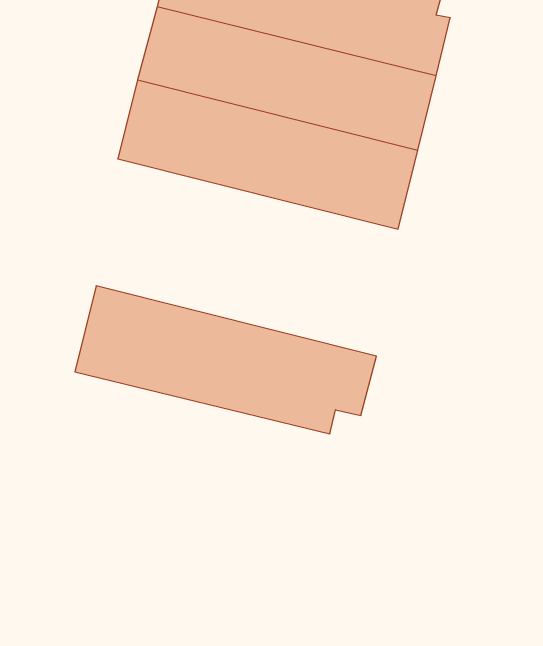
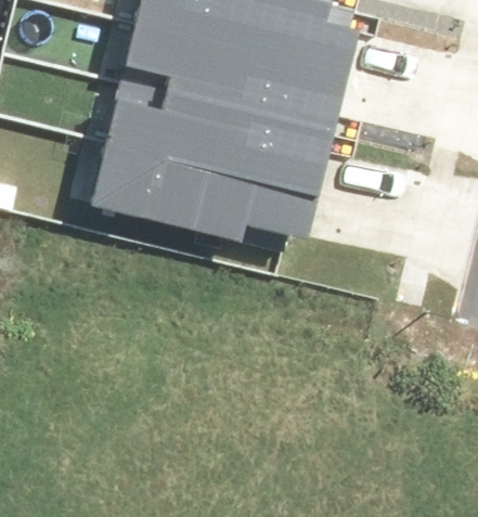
building: [75,286,376,434] -> [87,138,319,251]

